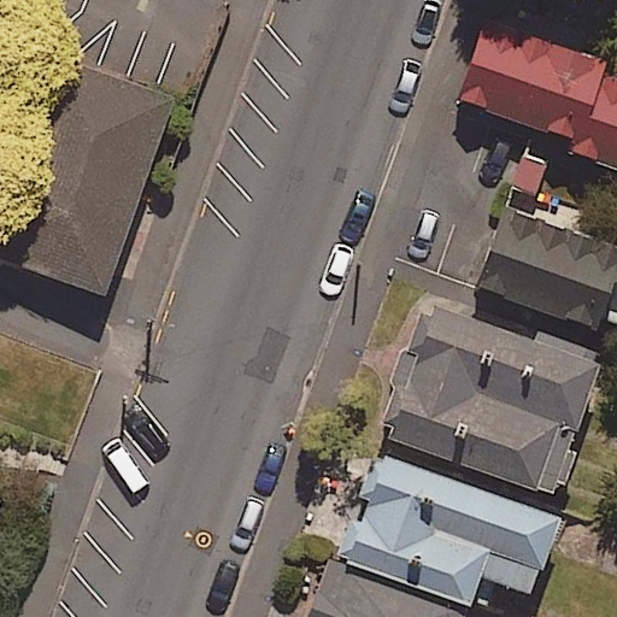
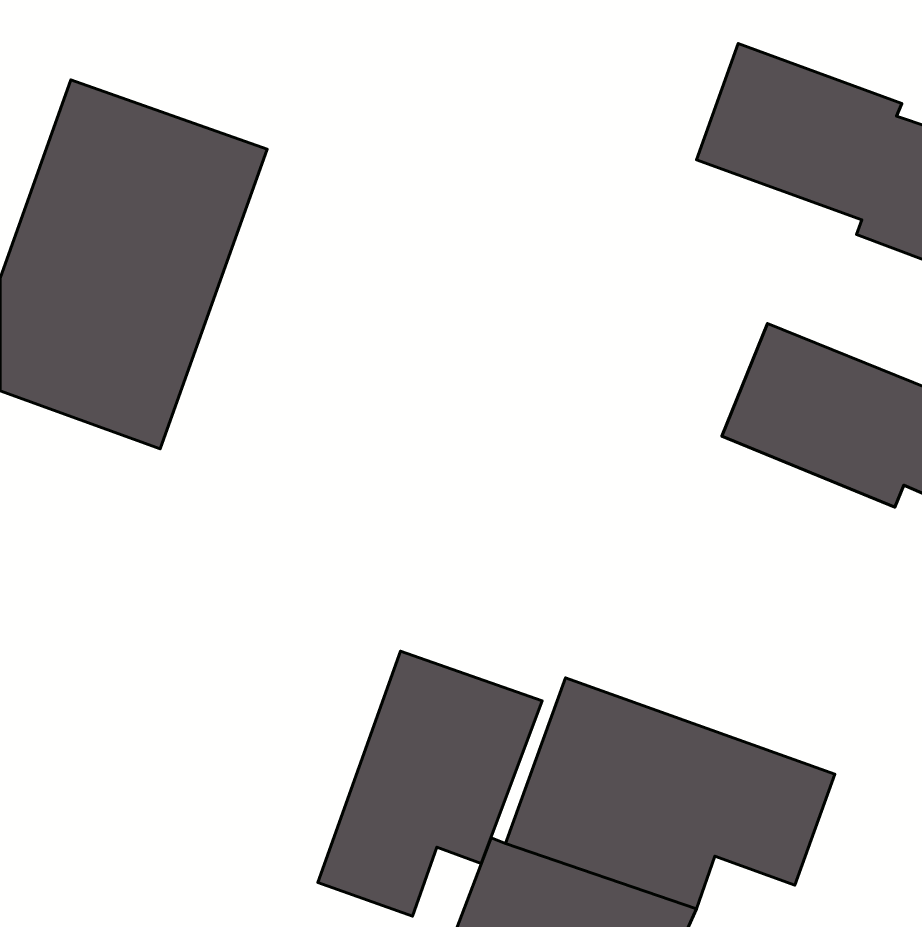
building: [387,302,599,488] -> none
building: none -> [318,651,542,916]

